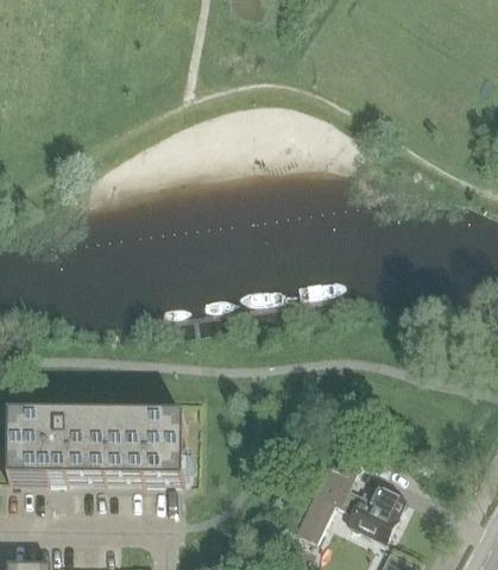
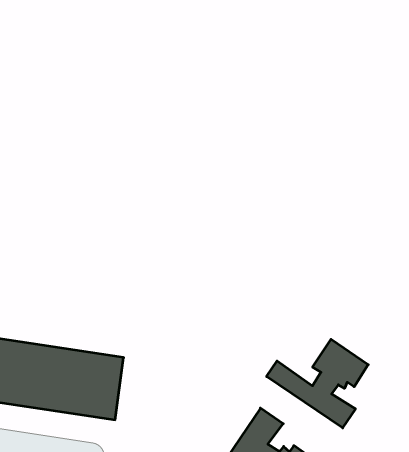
building: none -> [267,339,368,428]

